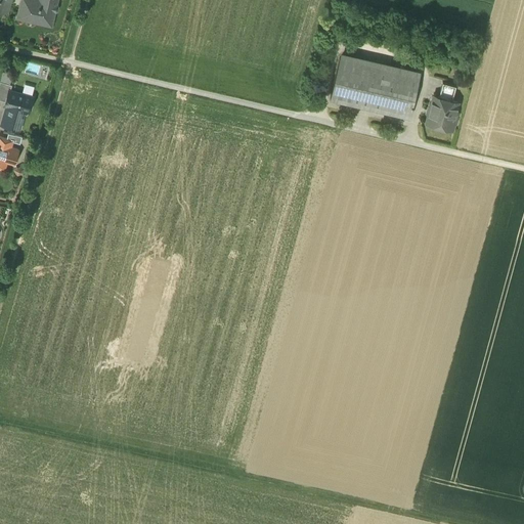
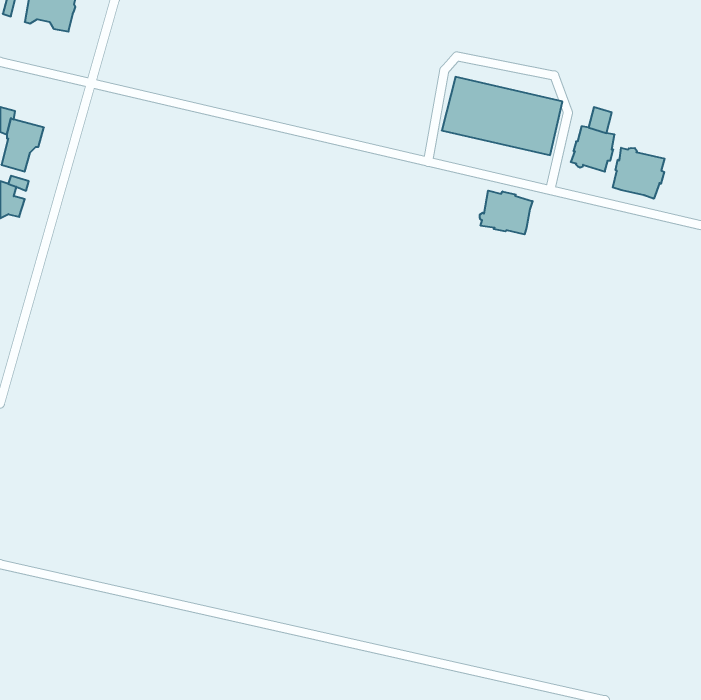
building: none -> [613,148,665,199]
building: none -> [480,191,533,234]

